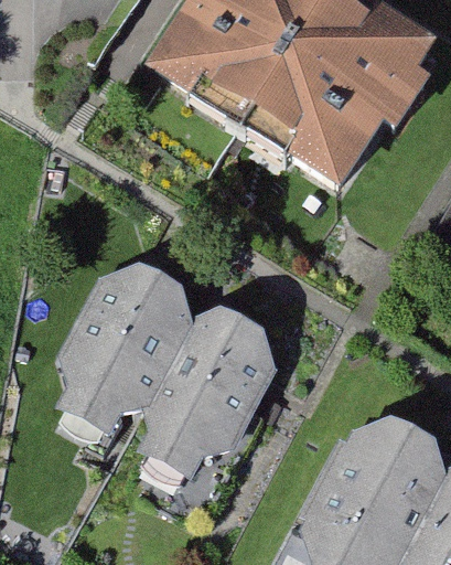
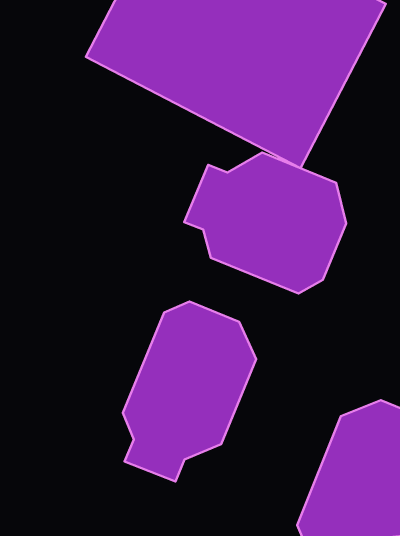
building: none -> [184,152,346,294]
building: [57,264,194,434] -> none

